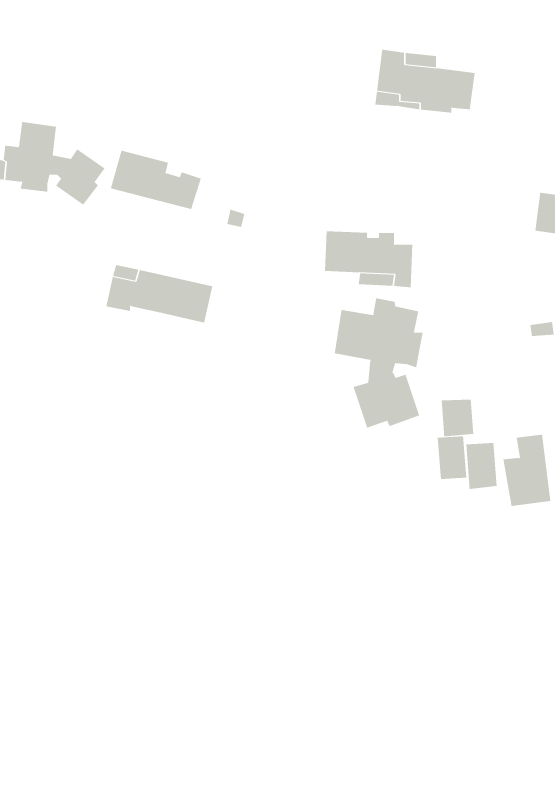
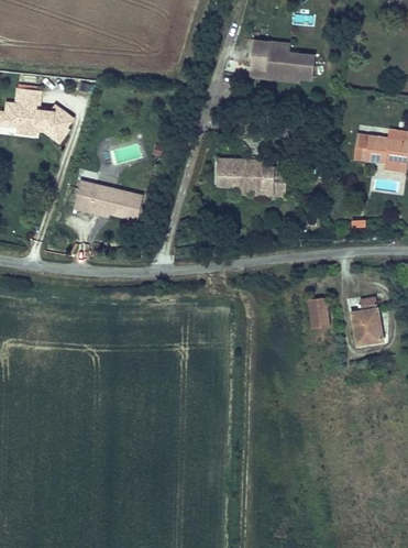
building: [110,150,201,210] -> none
building: [334,298,423,429] -> none
building: [441,399,474,437] -> none

